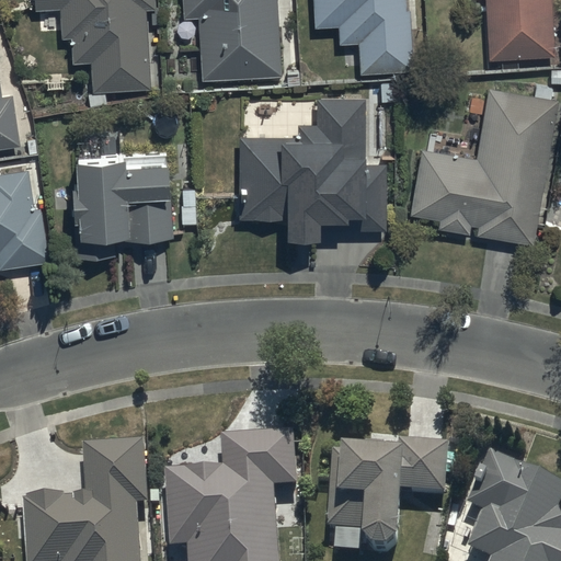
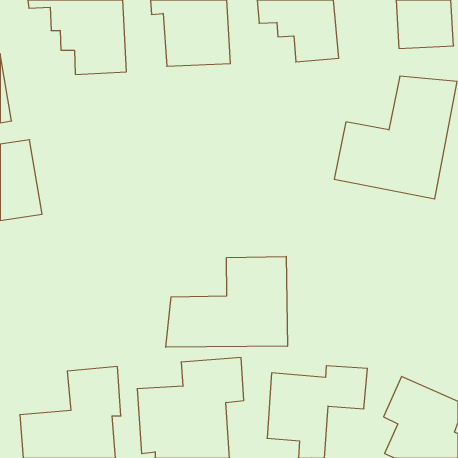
building: [238,99,387,230] -> none
building: [72,147,171,259] -> none
building: none -> [166,256,287,347]

